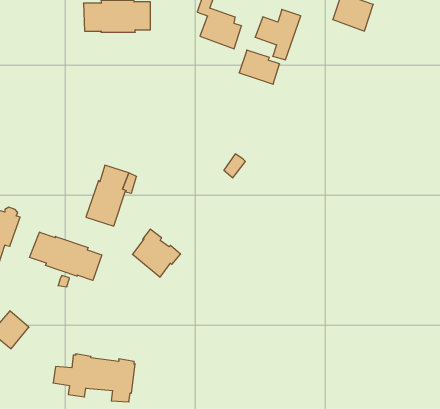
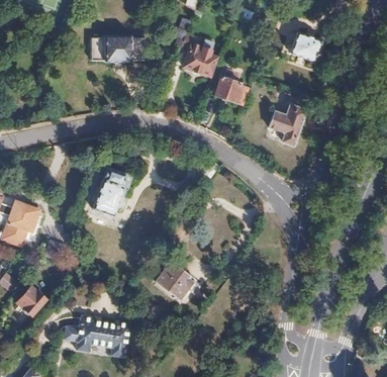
building: [255,9,301,60] -> [268,104,304,145]
building: [132,229,181,277] -> [155,261,193,299]
building: [30,232,102,280] -> none

